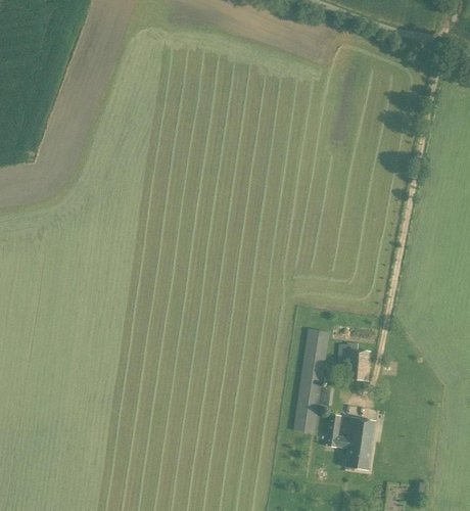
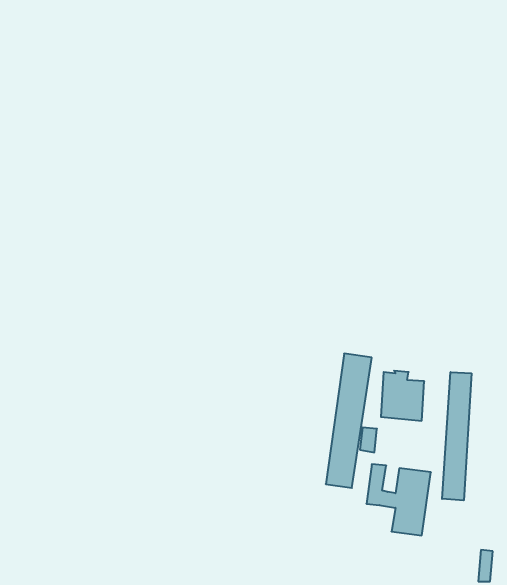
building: none -> [442,372,471,500]

